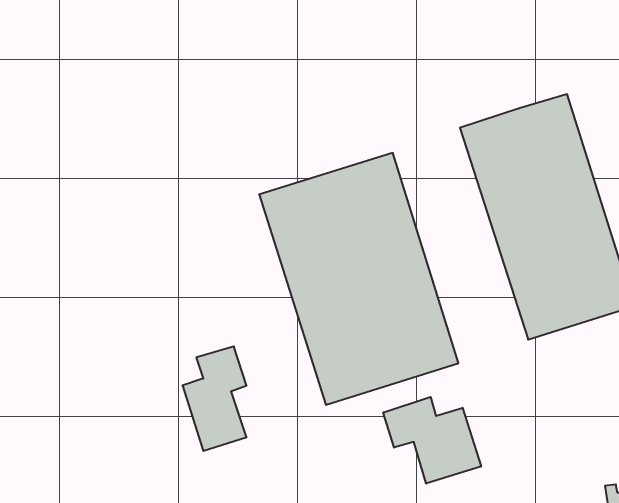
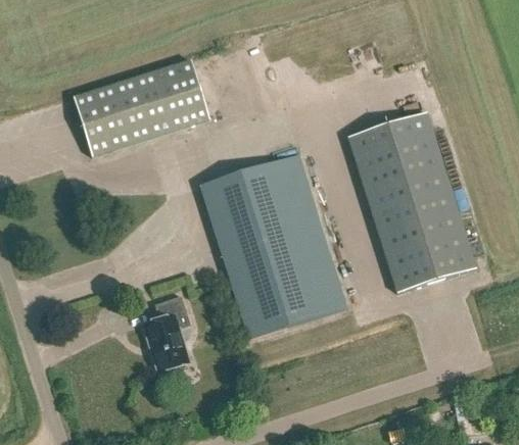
building: none -> [72,59,208,158]
building: [383,397,481,484] -> none

